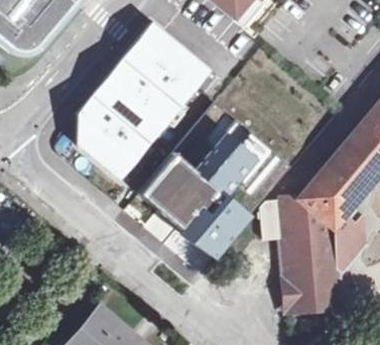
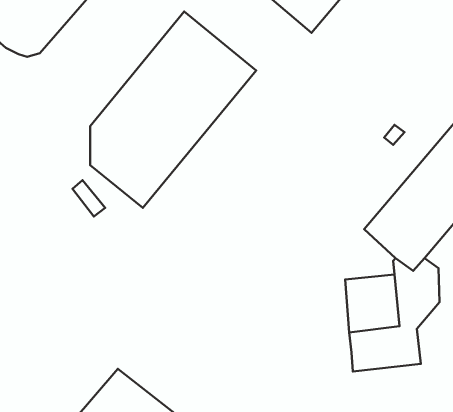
building: [141,111,270,257] -> none
building: [260,195,323,237] -> none

